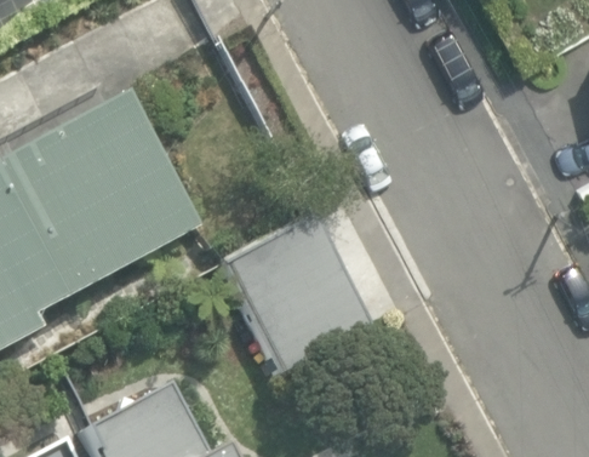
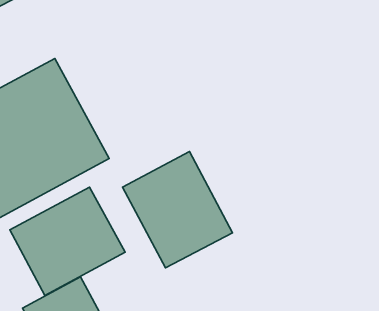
building: none -> [10,187,125,296]

